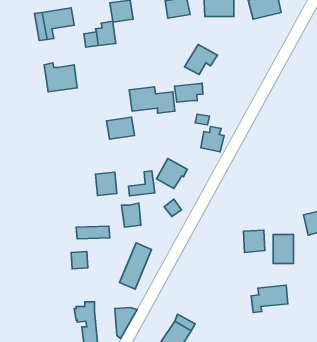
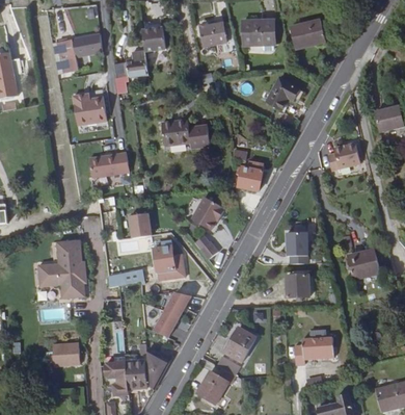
building: [185,45,217,75] -> [267,77,302,109]
building: [175,83,203,102] -> none
building: none -> [328,144,360,172]
building: [106,117,134,139] -> [89,154,119,178]
building: [129,171,155,196] -> [158,254,186,281]
building: none -> [30,238,80,297]
building: [273,235,293,264] -> [286,230,307,261]
building: none -> [224,327,258,363]
building: none -> [52,342,79,365]
building: none -> [126,360,146,388]

